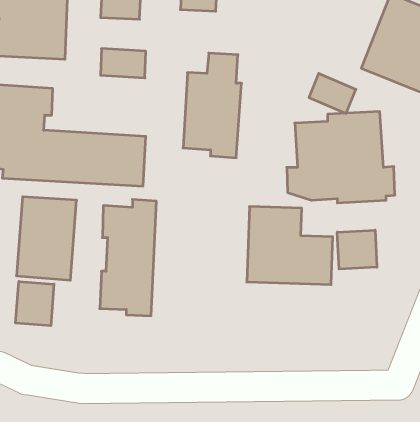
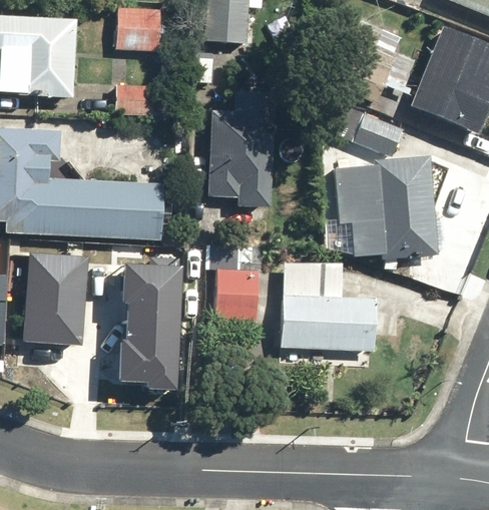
building: none -> [213,268,257,322]
building: [337,230,377,269] -> none
building: [16,281,54,326] -> none

